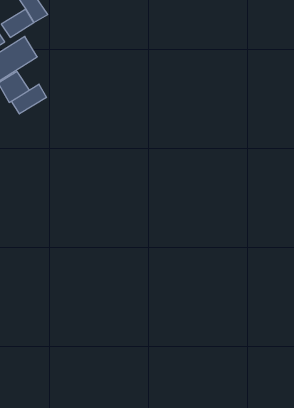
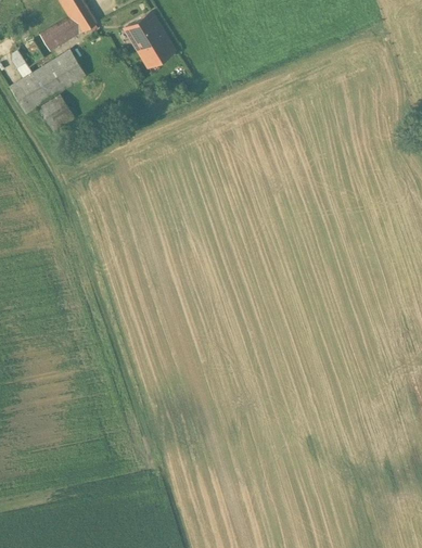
building: none -> [125,12,175,67]
building: [11,84,46,114] -> none

